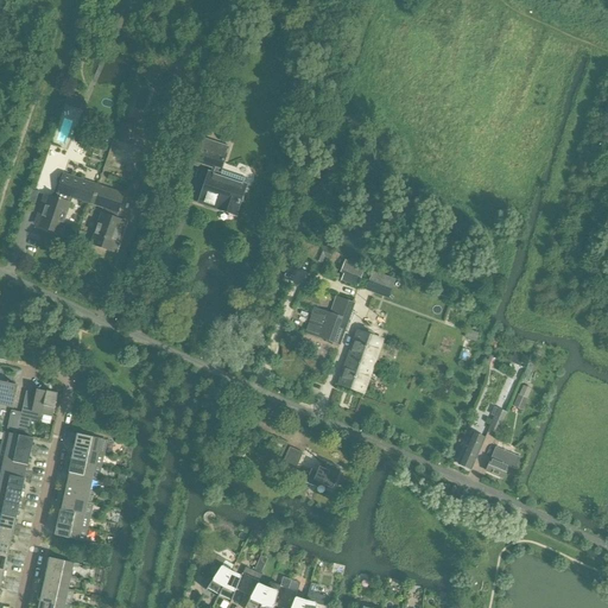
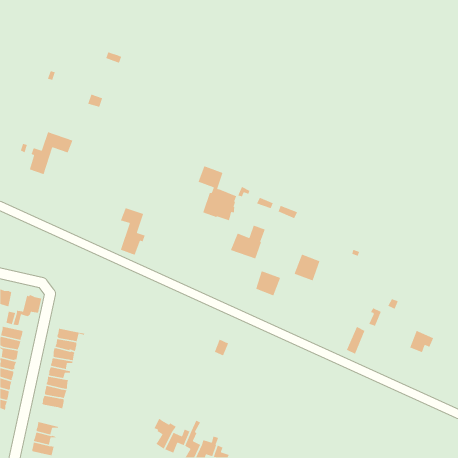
building: [192,138,245,214] -> [198,165,237,223]
building: [90,185,125,249] -> [120,207,146,256]
building: [346,330,381,367] -> [293,254,320,281]
building: [484,446,518,477] -> [409,330,434,353]
building: [306,464,341,490] -> none

